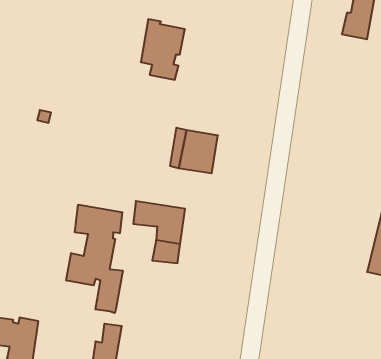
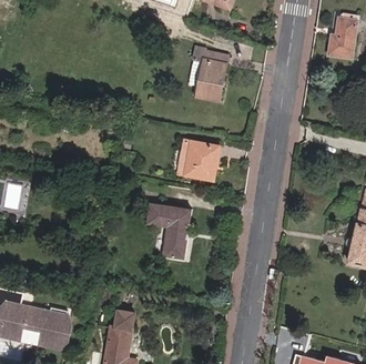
building: [141,19,185,80] -> [191,49,230,102]
building: [66,205,123,313] -> none

